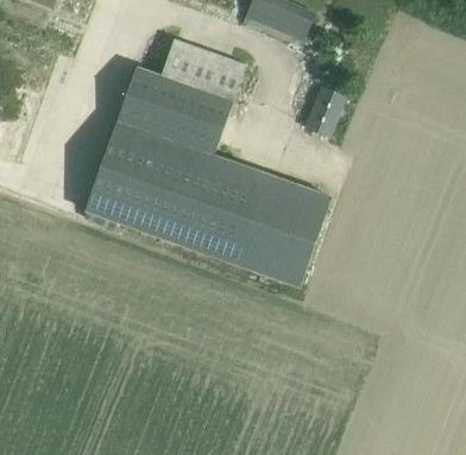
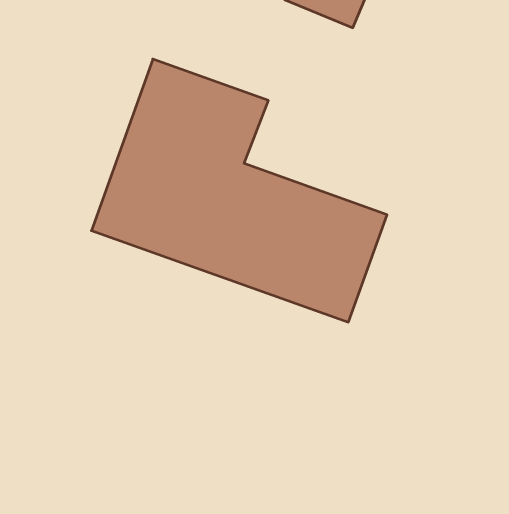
building: [162,39,246,102] -> none
building: [304,86,346,138] -> none

